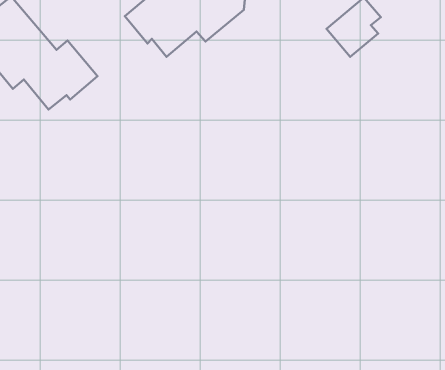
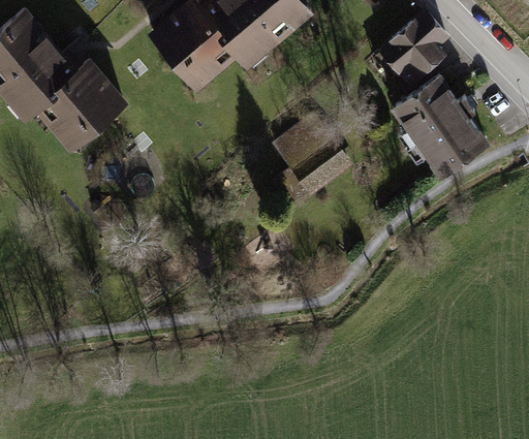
building: none -> [395,79,486,176]
building: none -> [275,118,348,207]

